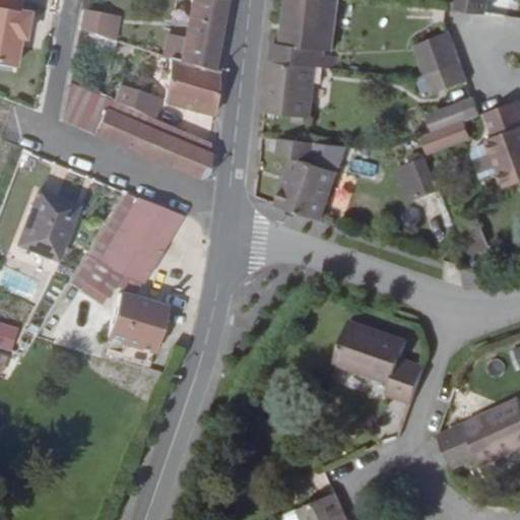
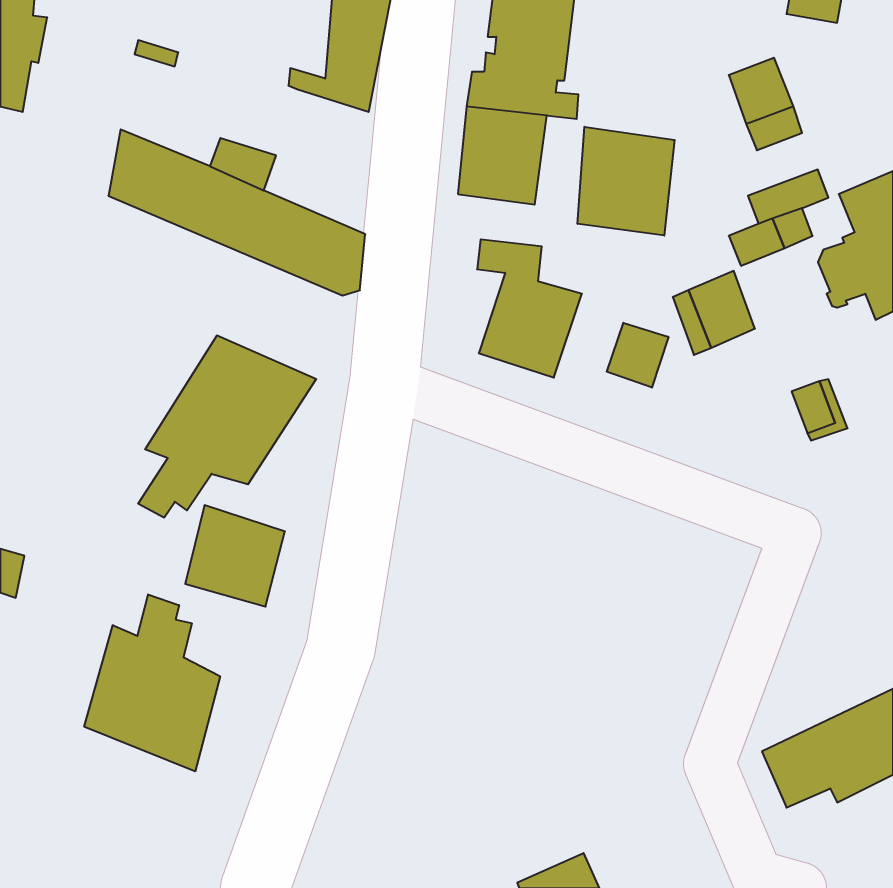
building: [167,52,221,107] -> none
building: none -> [578,127,675,236]
building: none -> [607,323,668,388]
building: [17,192,76,259] -> none
building: [338,320,430,405] -> none
building: none -> [84,594,220,771]

